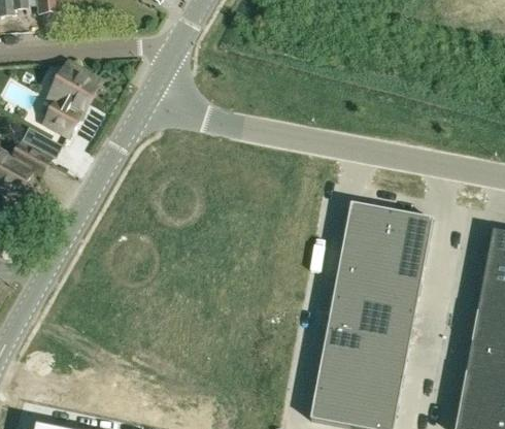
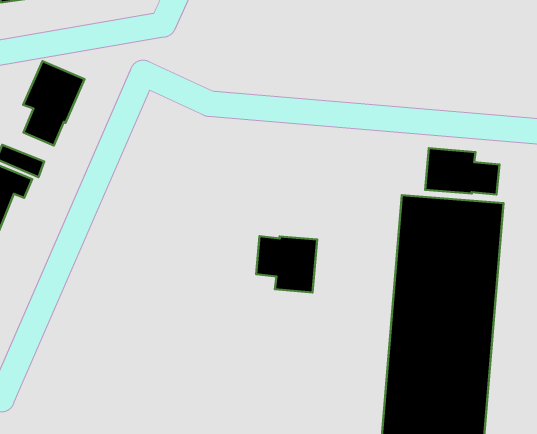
building: none -> [425,148,499,194]
building: none -> [256,236,317,292]

